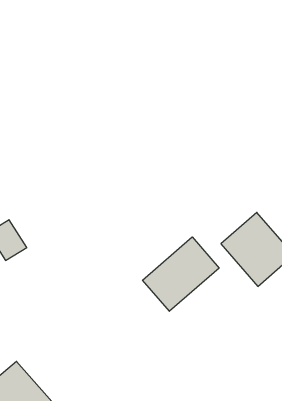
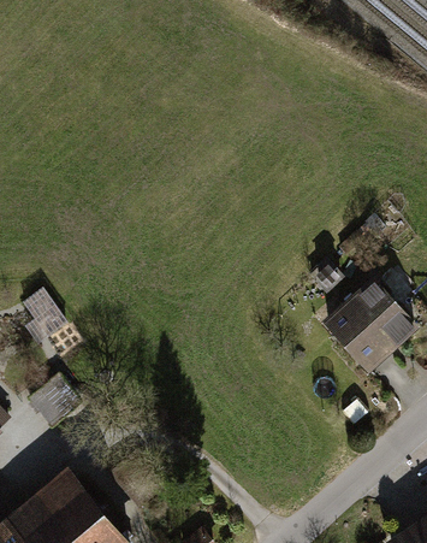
building: [143,237,219,311] -> none

